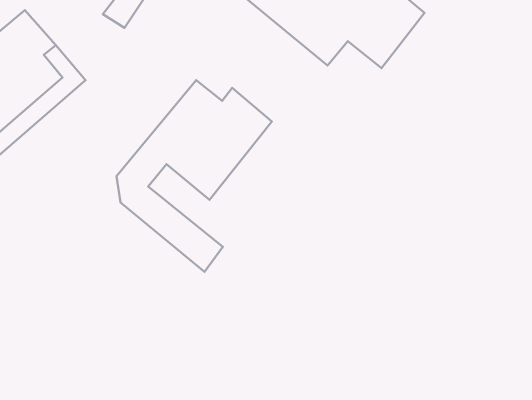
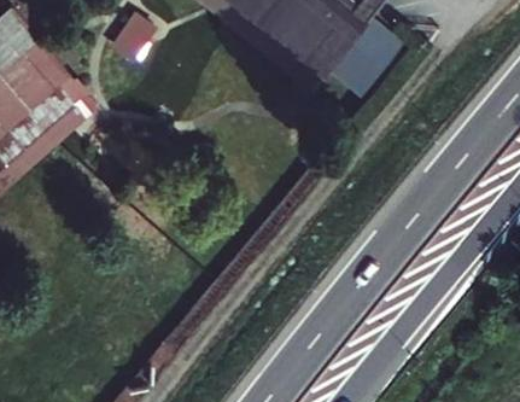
building: [117,80,272,272] -> none

